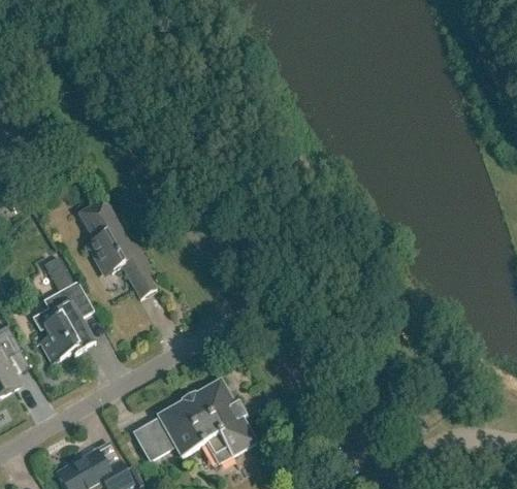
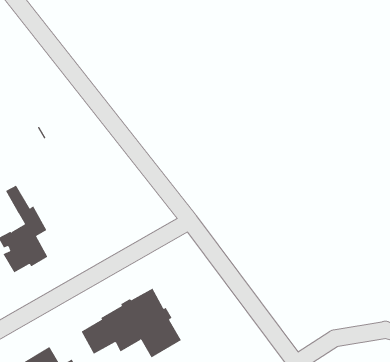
building: [77,202,157,298] -> none

